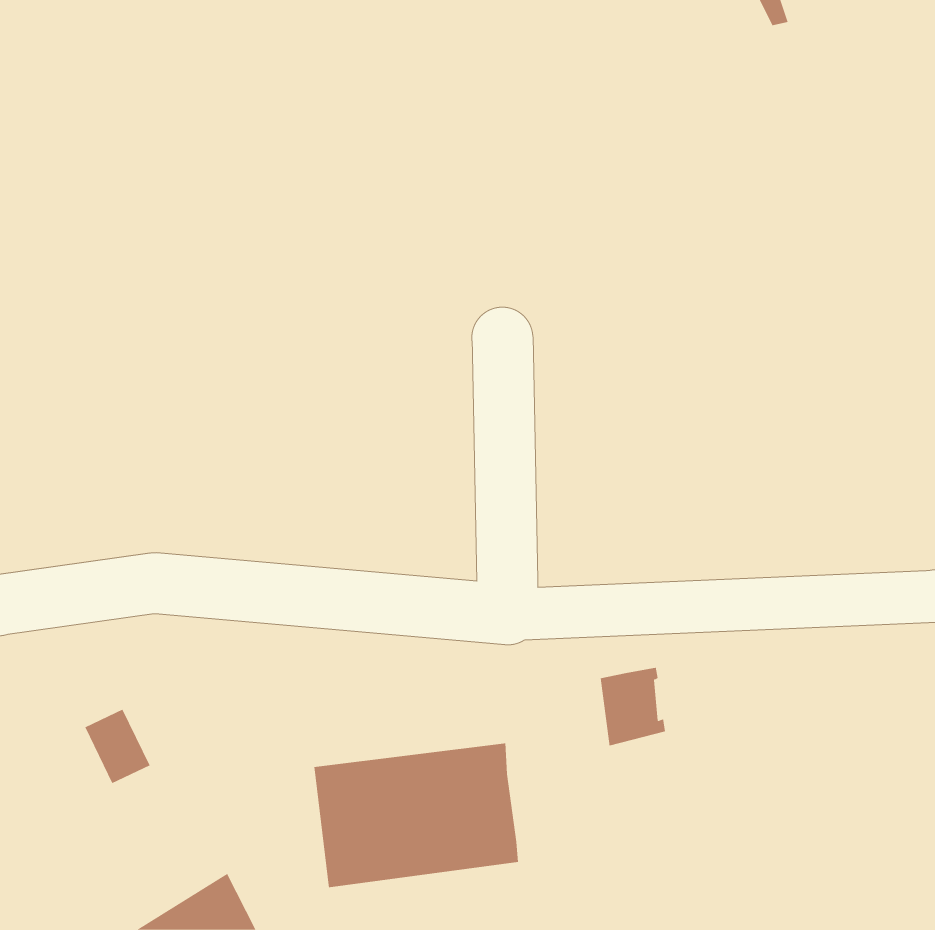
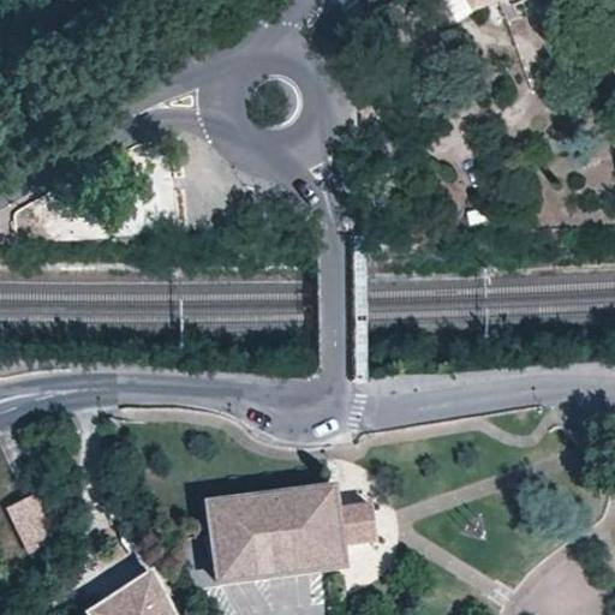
building: [600,667,666,746] -> [333,500,376,551]
building: [84,709,150,784] -> [8,495,52,544]

